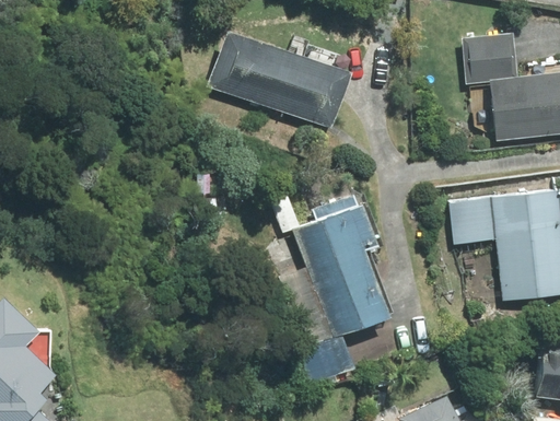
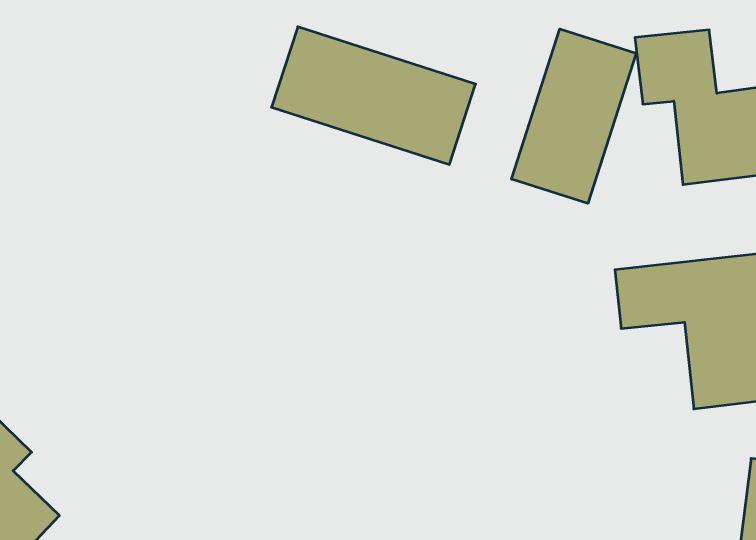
building: none -> [512,29,636,203]
building: [284,196,387,382] -> none

